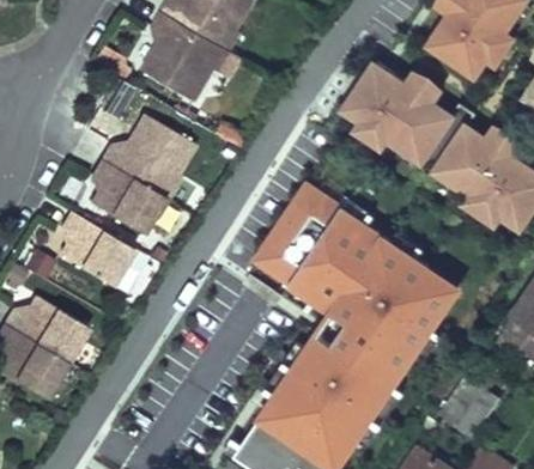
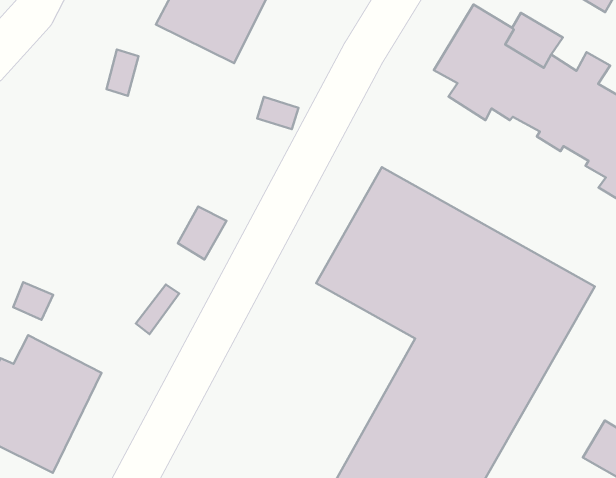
building: [89,111,195,232] -> none
building: [57,213,131,285] -> none

